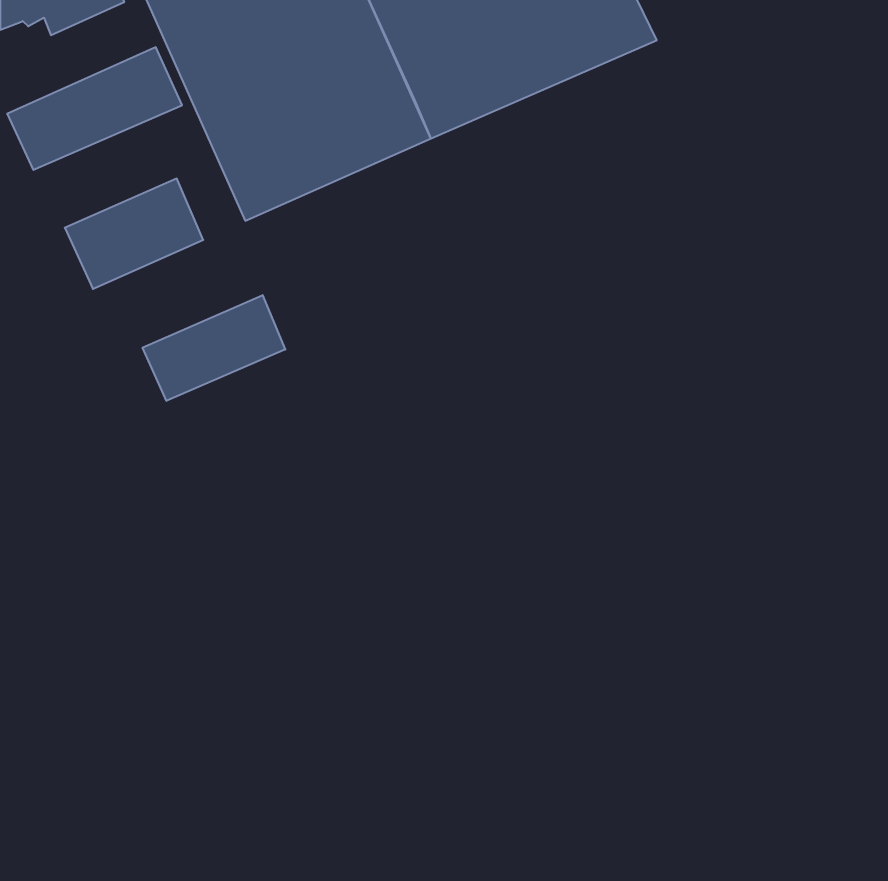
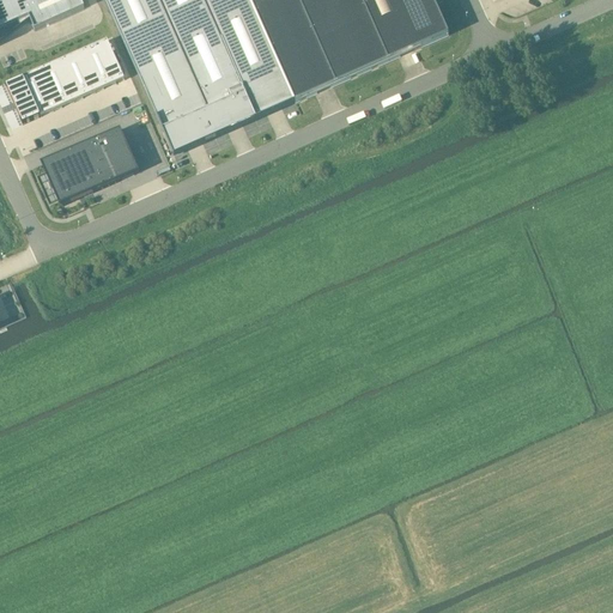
building: [143,295,285,401] -> none

